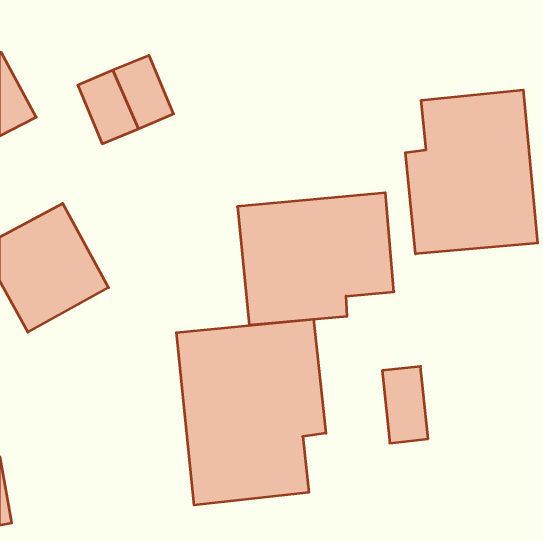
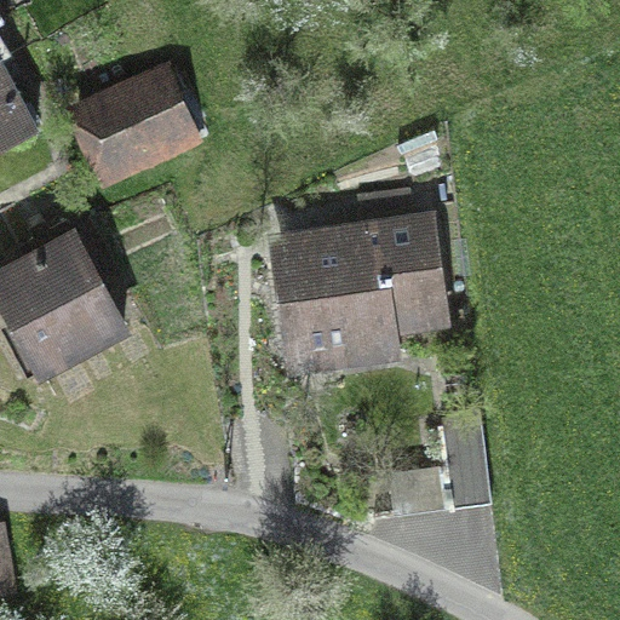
building: [405,90,538,254] -> none
building: [176,319,326,505] -> none

